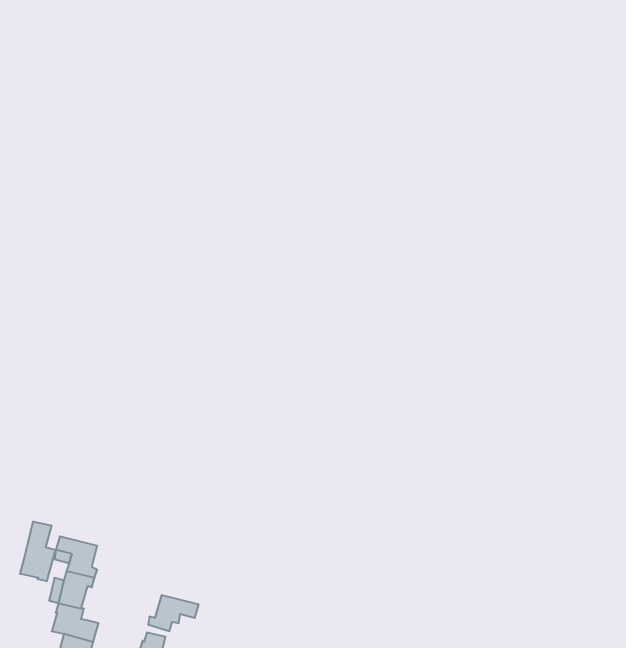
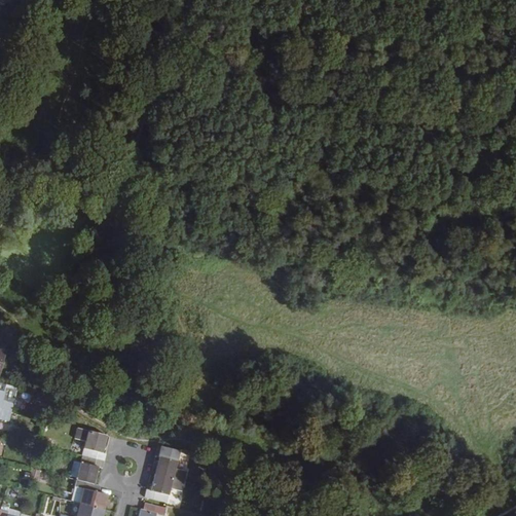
building: [20,521,56,581] -> none
building: none -> [156,445,187,480]

